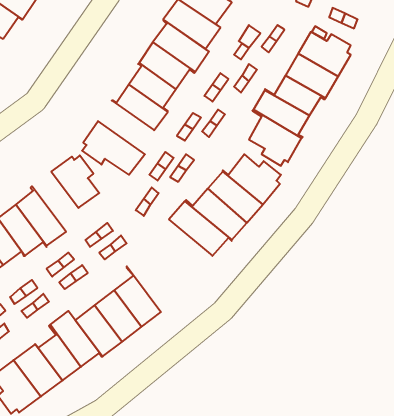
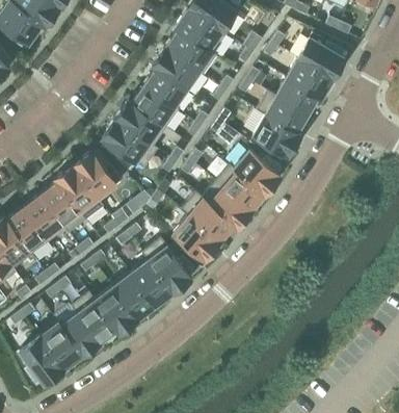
building: none -> [115,101,166,150]
building: none -> [55,165,98,212]
building: none -> [172,209,219,263]
building: none -> [141,238,194,293]

